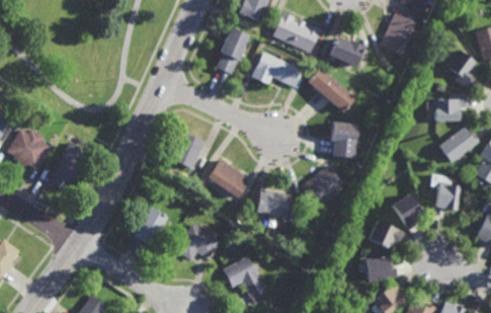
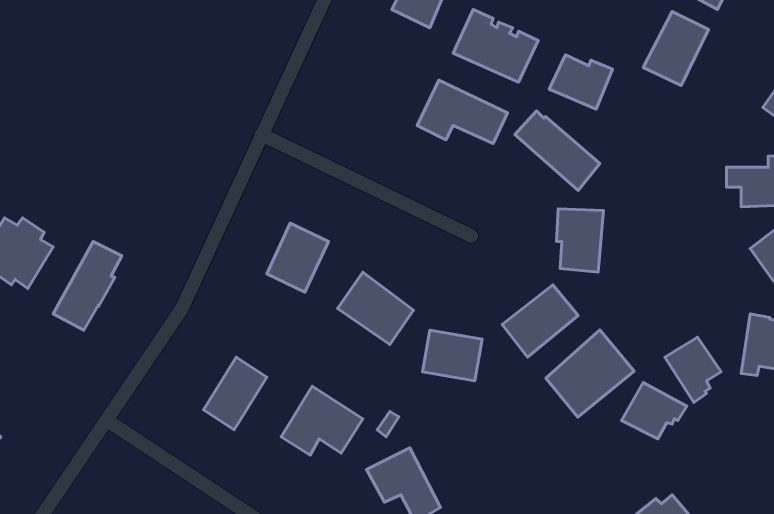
building: [218,26,250,73] -> none
building: none -> [546,330,634,417]
building: [365,257,397,284] -> none

